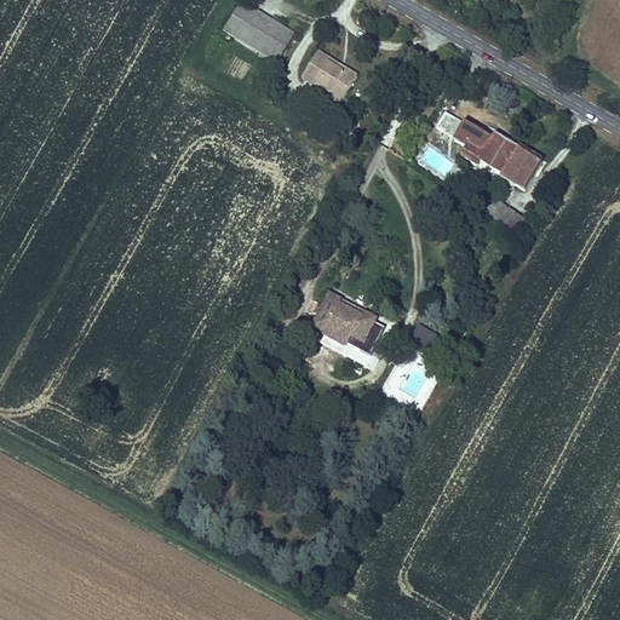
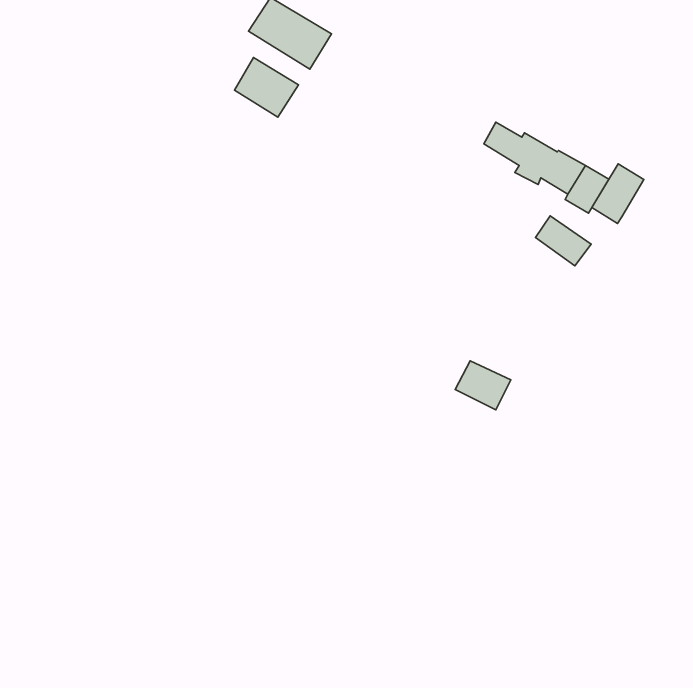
building: [300,47,357,101] -> [235,58,298,117]
building: none -> [592,164,644,223]
building: [310,291,385,355] -> none

